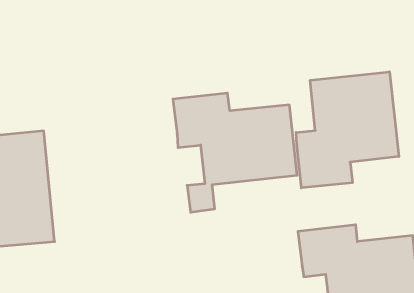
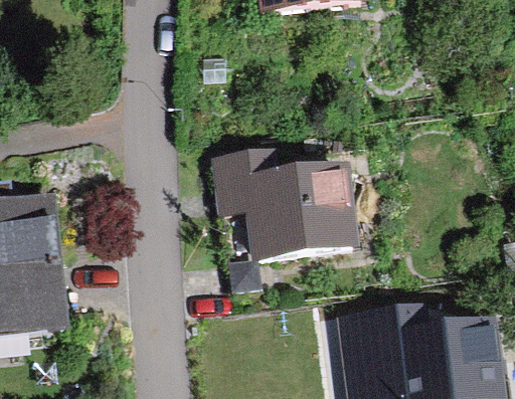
building: [296,72,399,188] -> none

